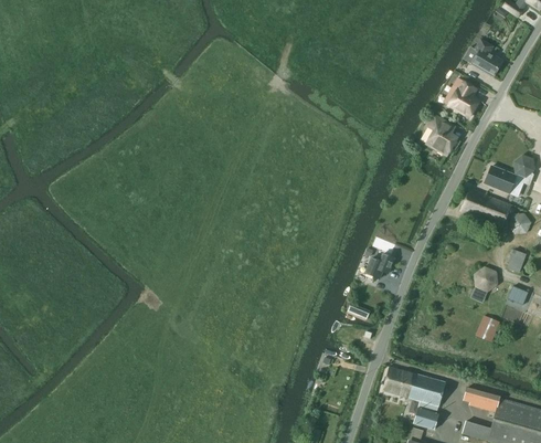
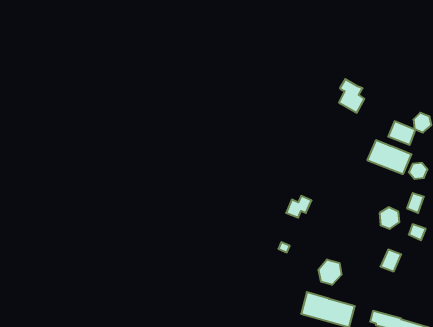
building: [464,39,502,76] -> none
building: [444,78,479,117] -> none
building: none -> [319,259,341,285]

